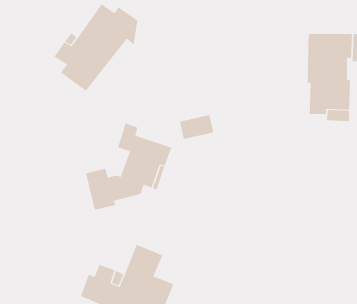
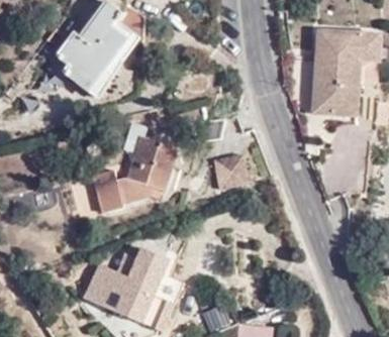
building: none -> [212,153,248,189]

